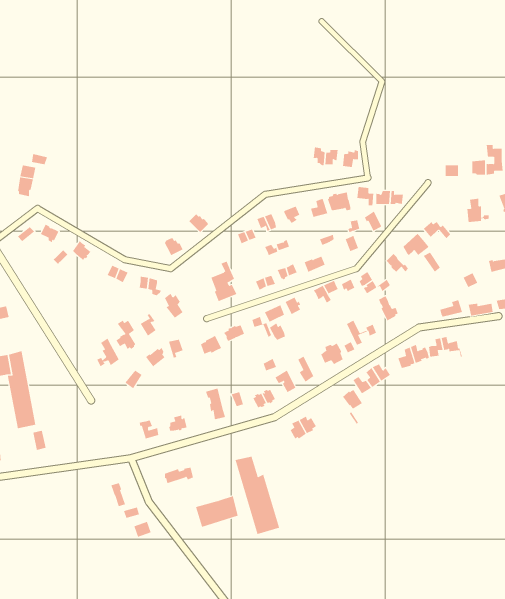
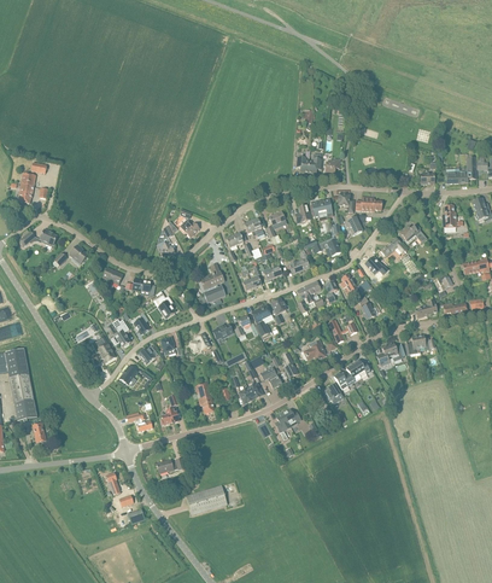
building: [235,456,280,535] -> none

